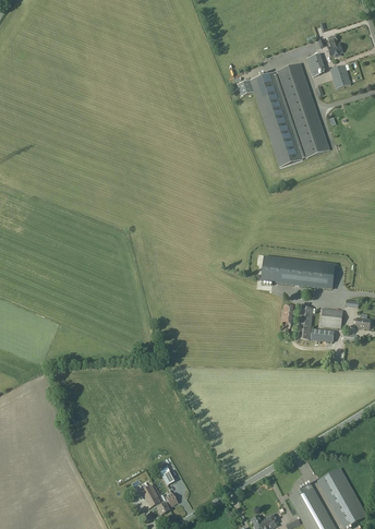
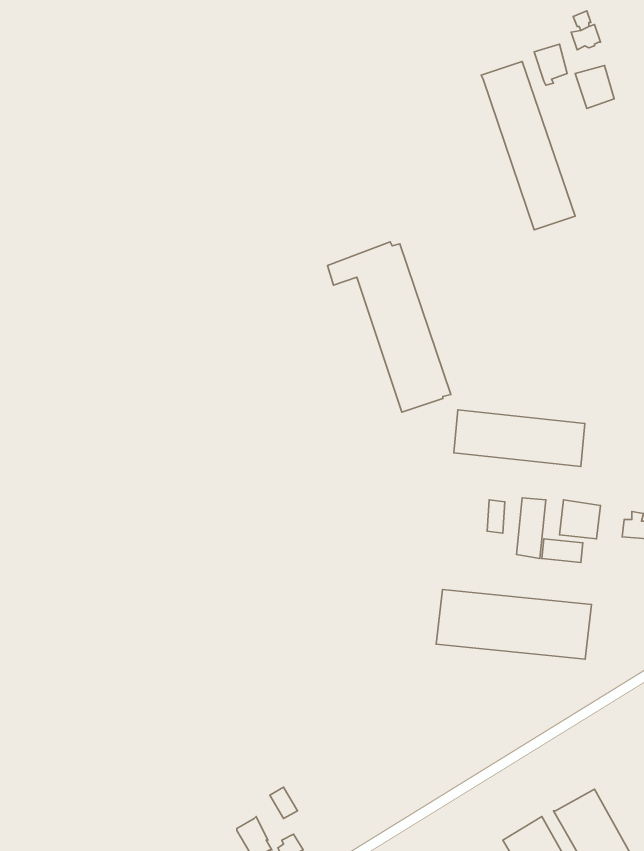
building: [238,71,306,166] -> [327,242,451,412]
building: none -> [436,589,592,659]

